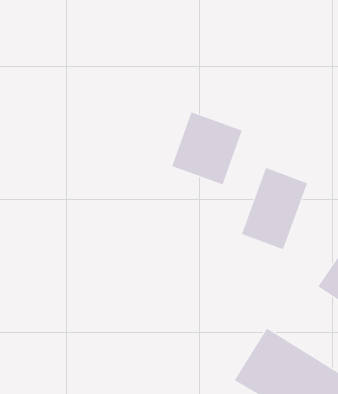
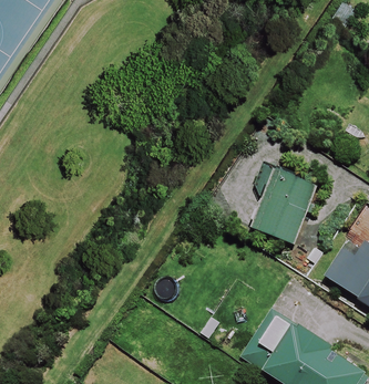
building: [171,111,243,185] -> none

